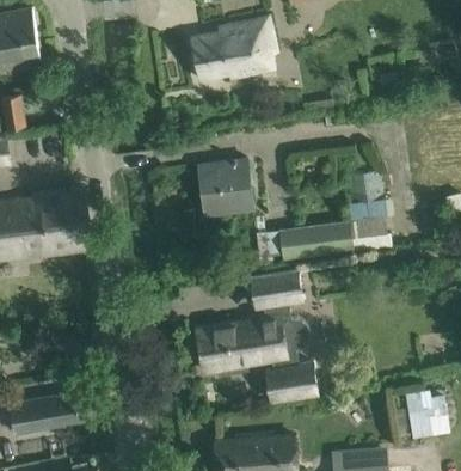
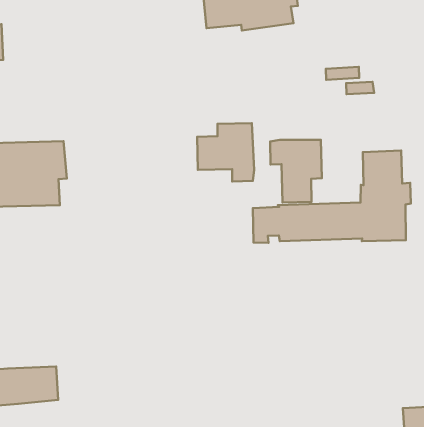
building: none -> [270,140,322,203]
building: [196,268,319,399] -> none

